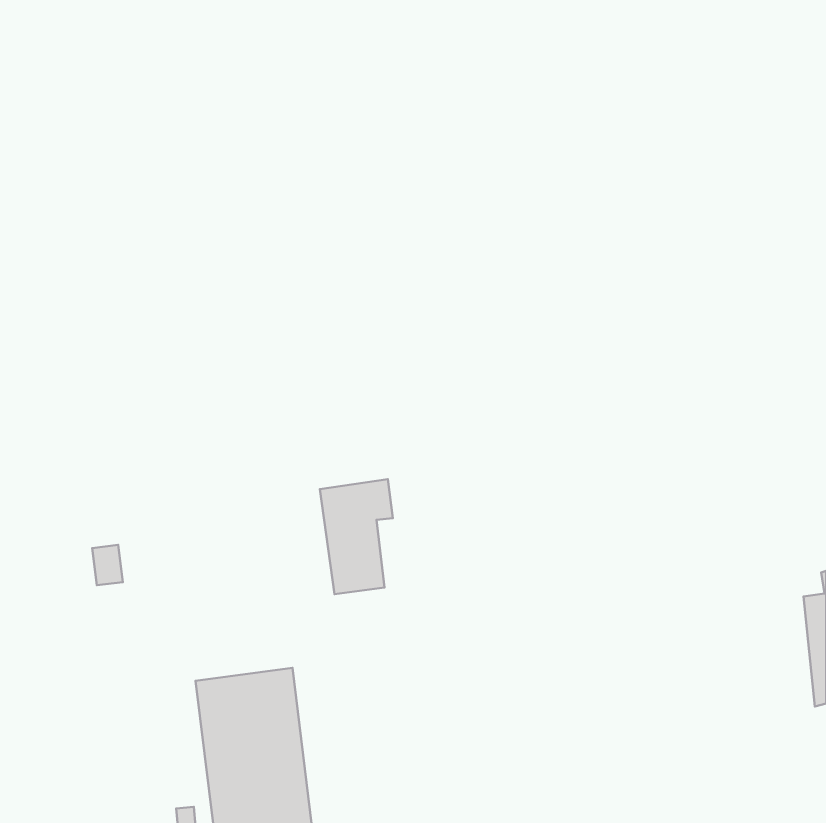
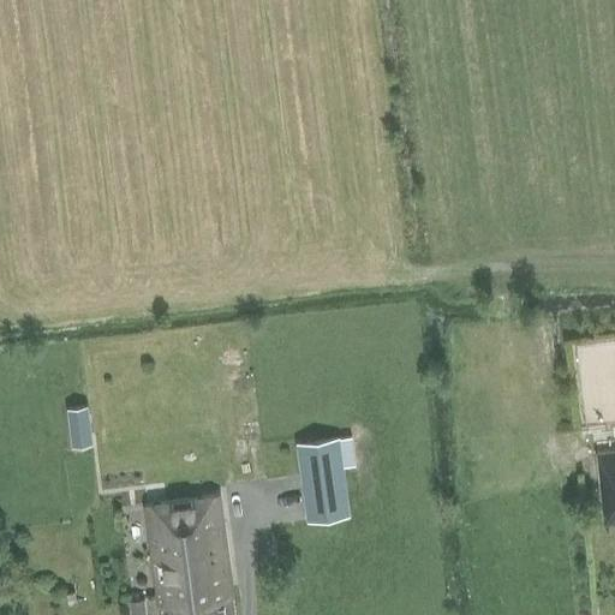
building: [320,479,393,594] -> [301,438,356,524]

